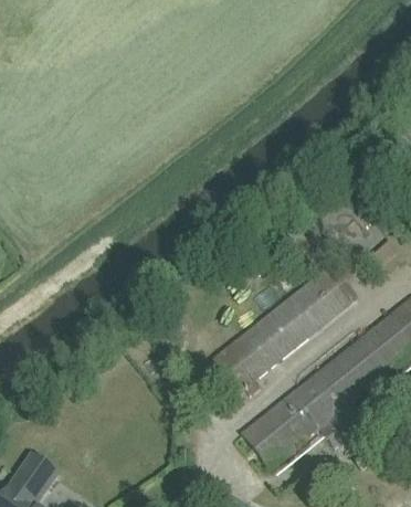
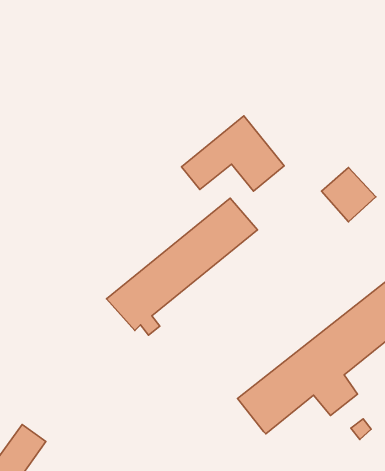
building: none -> [181,116,284,191]
building: [209,261,356,394] -> [107,198,257,335]

